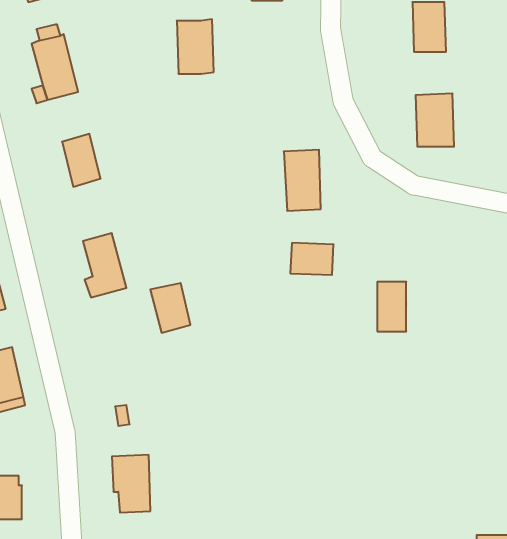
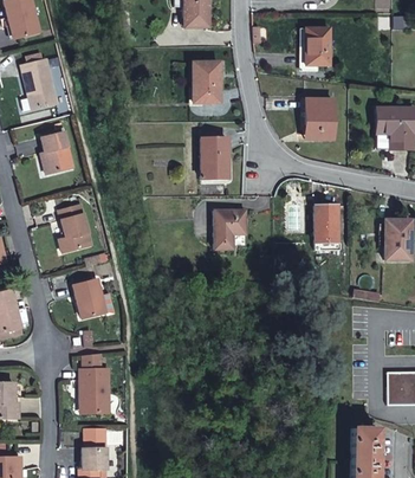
building: [177,19,214,74] -> [200,72,227,112]
building: [377,282,406,331] -> [316,207,337,244]
building: [150,283,190,333] -> [77,279,106,316]

